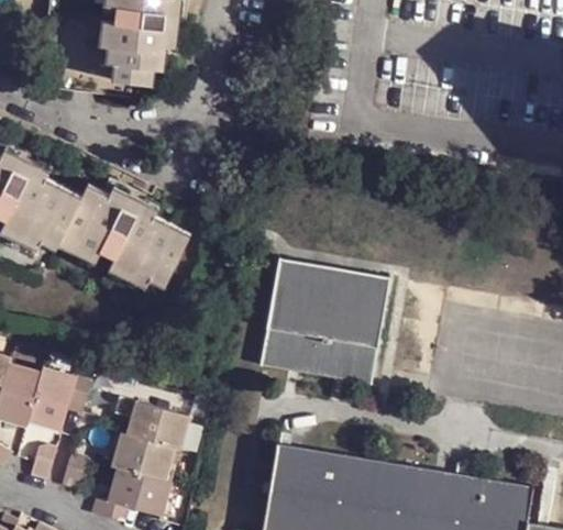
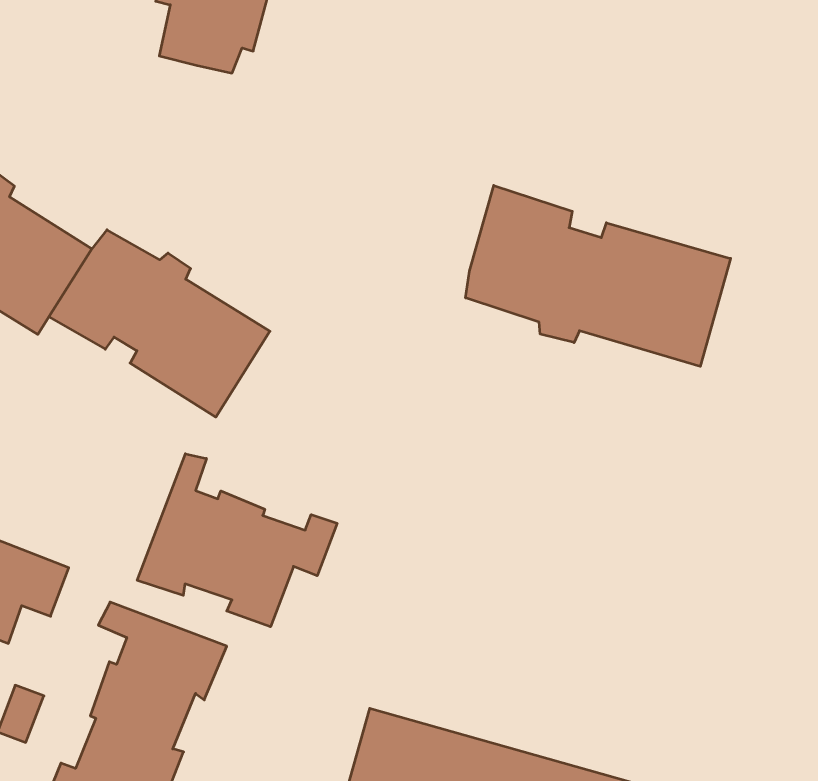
building: none -> [466,185,731,366]
building: [258,257,391,387] -> none
building: none -> [137,454,337,627]

